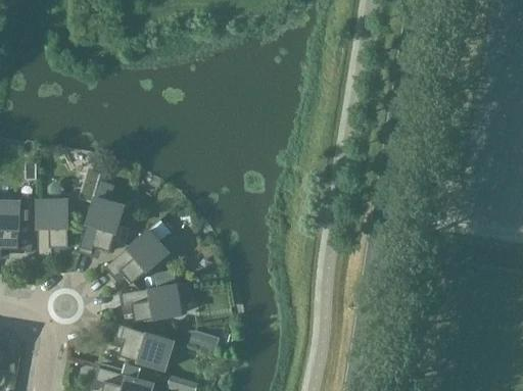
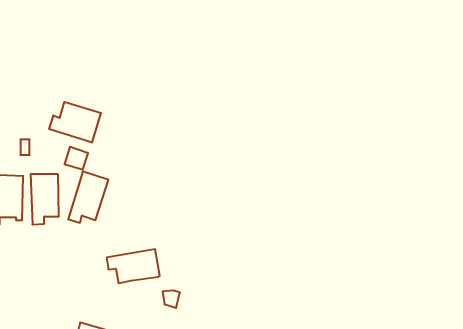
building: none -> [49,102,101,143]
building: [107,230,169,283] -> none
building: [116,324,174,369] -> none

